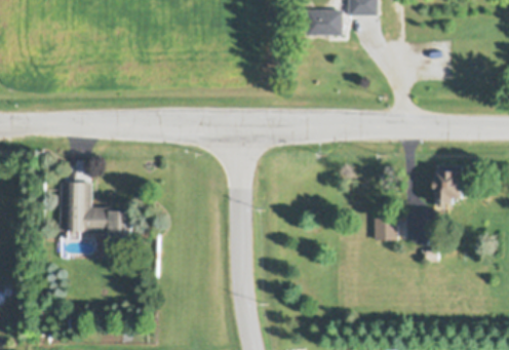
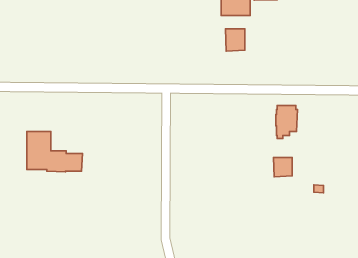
building: none -> [225,29,245,51]
building: [435,165,463,207] -> [276,106,297,139]

